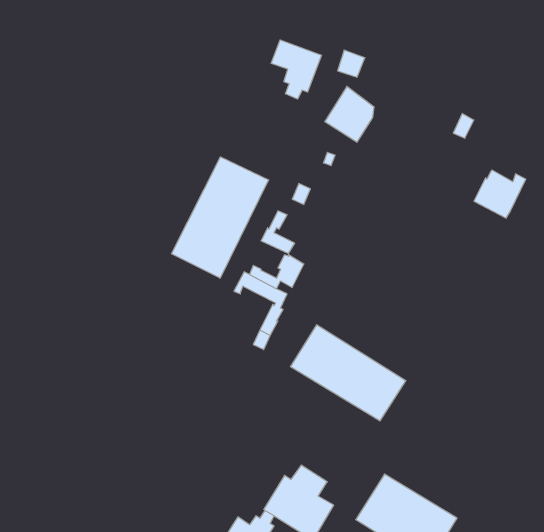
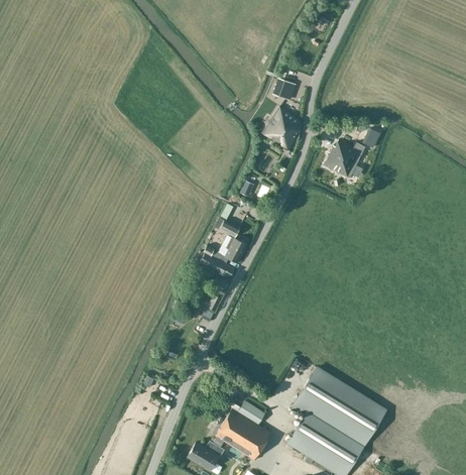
building: [271,40,322,99] -> none
building: [172,157,268,278] -> none
building: [474,170,526,218] -> [325,140,365,177]
building: [290,325,406,421] -> [297,368,386,443]

